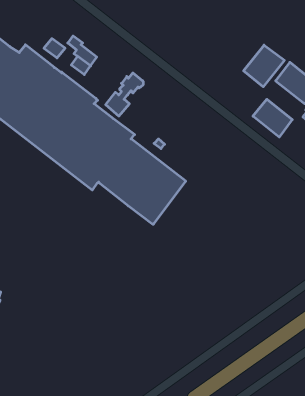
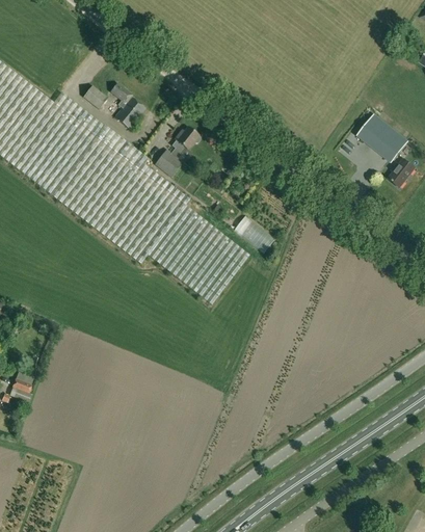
building: [244,45,284,87] -> none
building: [253,99,292,137] -> none

